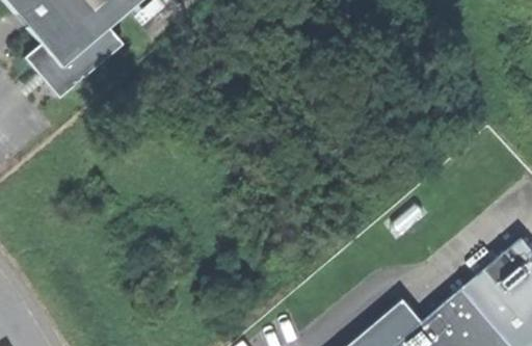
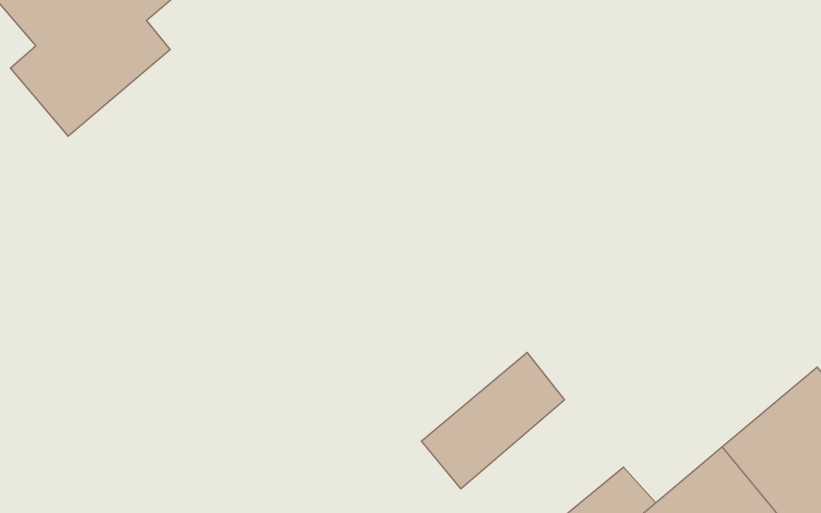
building: none -> [422,352,564,489]

